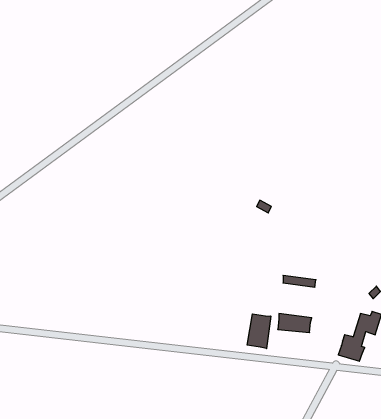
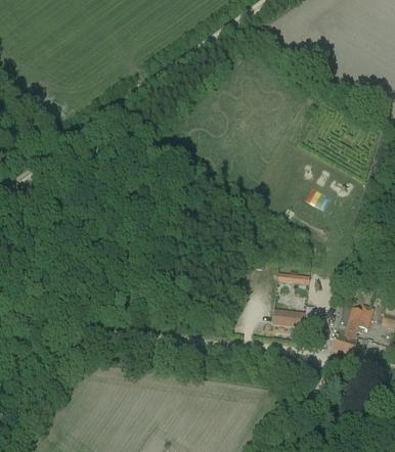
building: [247,314,271,349] -> none

